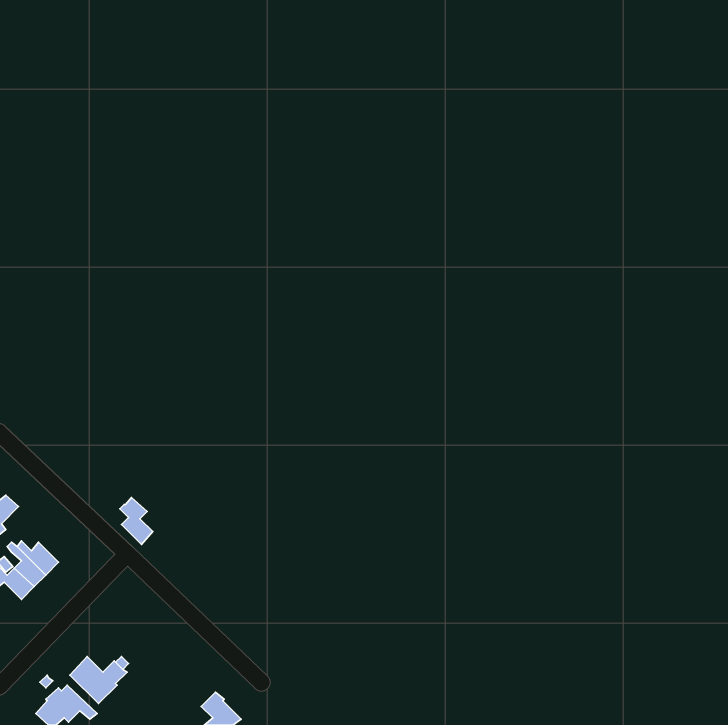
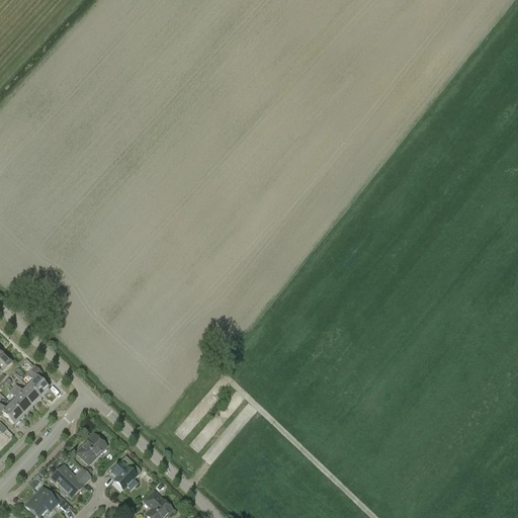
building: [120,497,153,544] -> [26,365,50,399]
building: none -> [77,433,106,463]
building: none -> [109,455,139,490]

